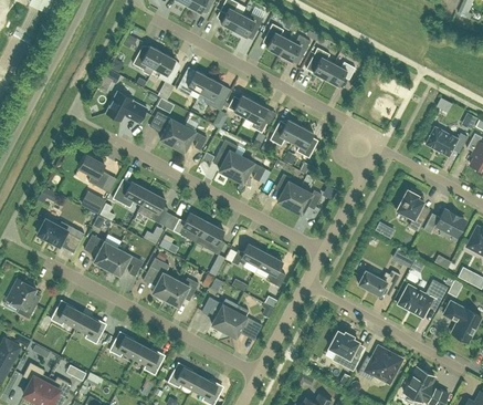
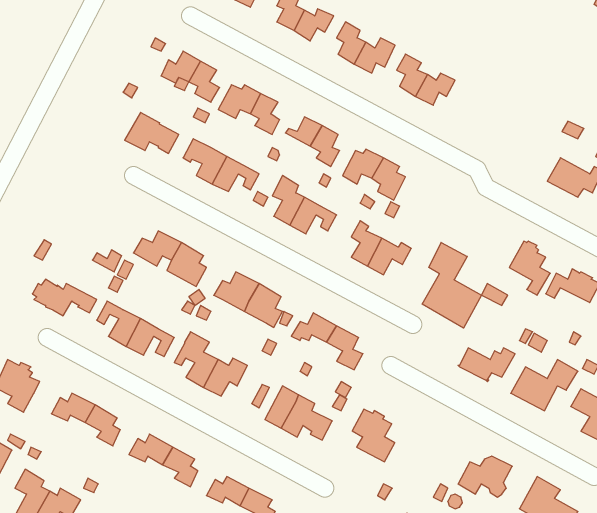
building: [78,155,108,189] -> none
building: none -> [422,242,481,328]
building: [328,331,360,371] -> [352,409,395,462]

